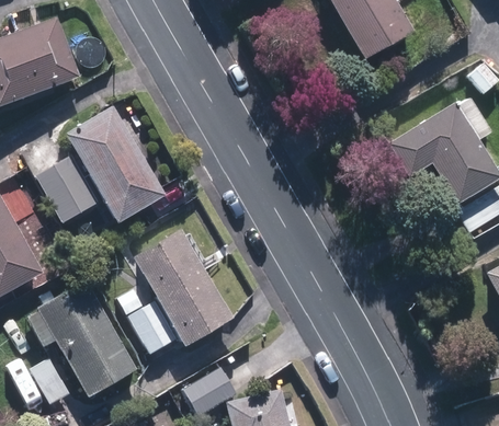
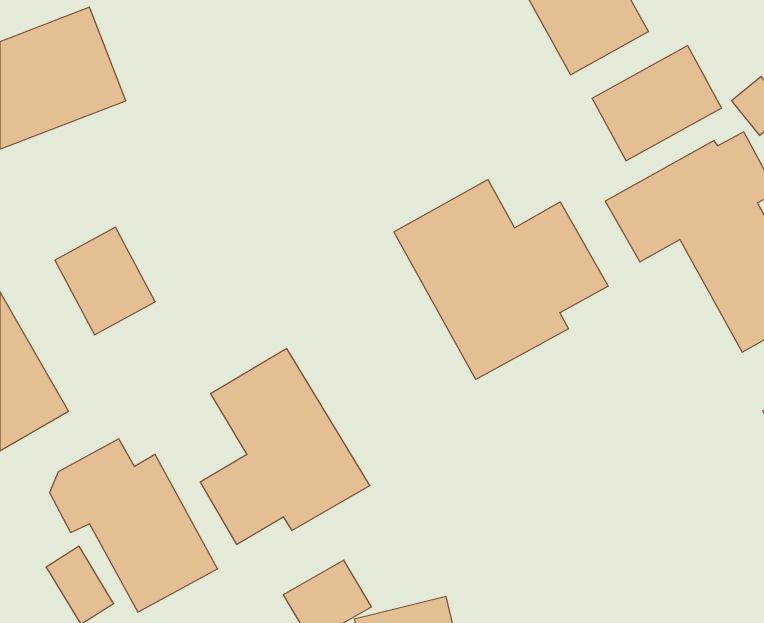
building: none -> [592,45,721,161]
building: [64,106,167,224] -> none
building: none -> [394,180,608,379]

